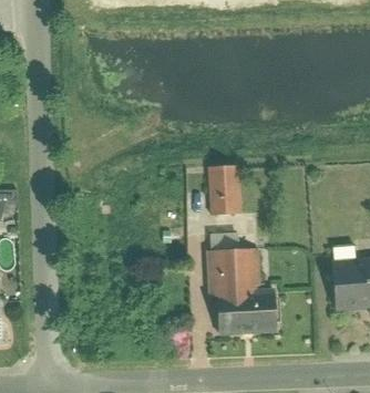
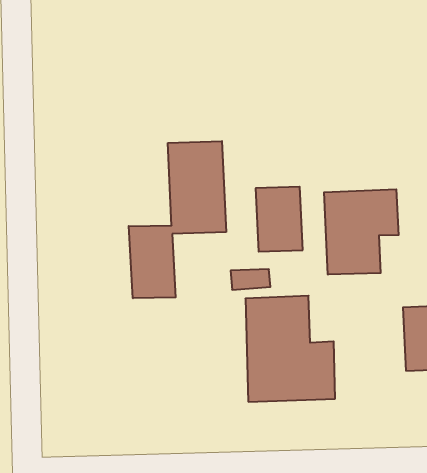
building: none -> [129,141,226,298]
building: none -> [324,189,399,275]

